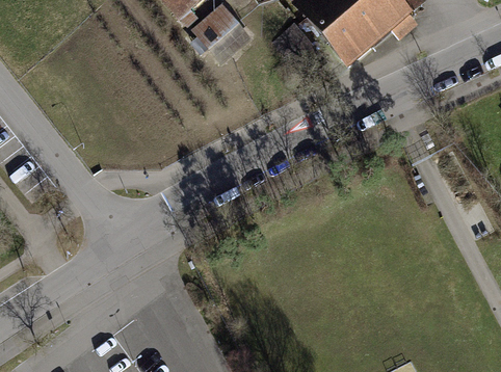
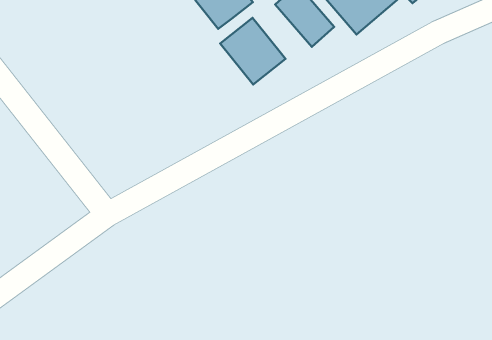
building: none -> [220,18,286,85]

